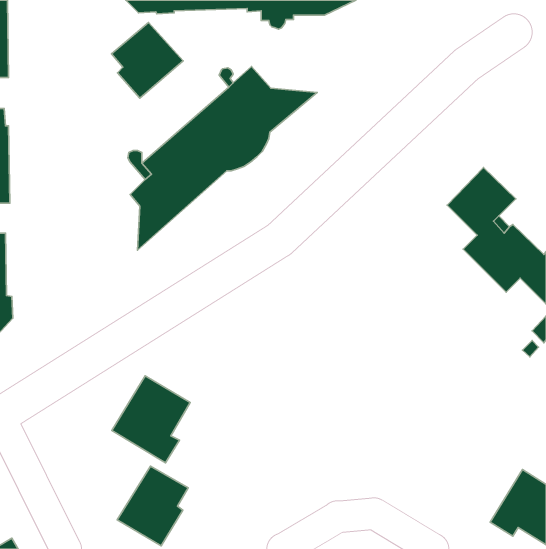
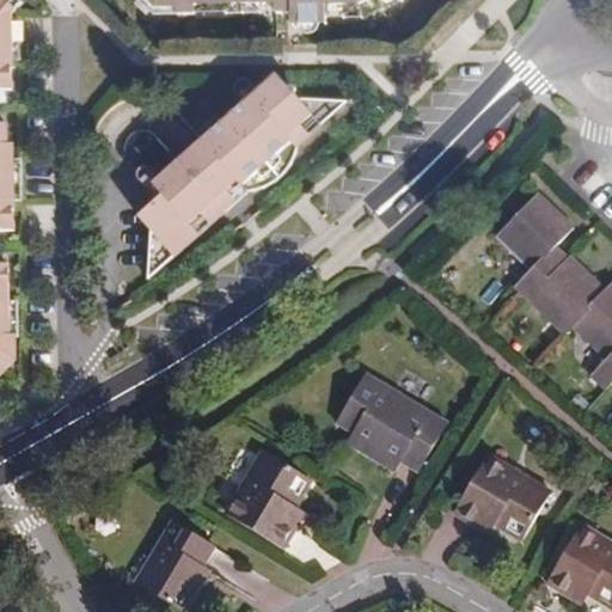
building: [112,23,183,98] -> none
building: none -> [336,372,445,467]
building: [112,376,190,463] -> [221,448,308,545]
building: none -> [453,454,549,537]

